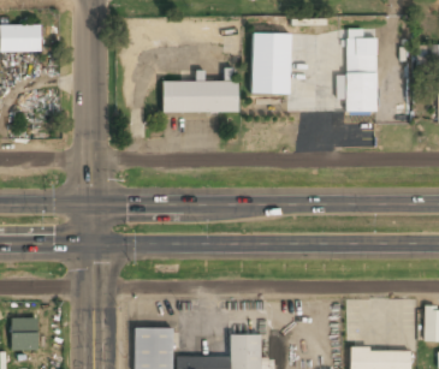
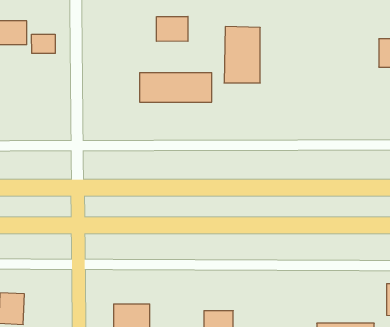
building: none -> [157,16,188,41]
building: [344,38,376,113] -> none
building: none -> [32,34,55,53]

